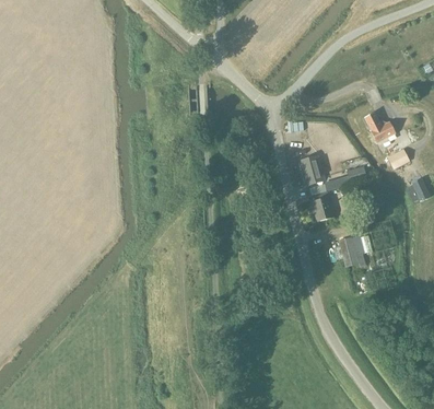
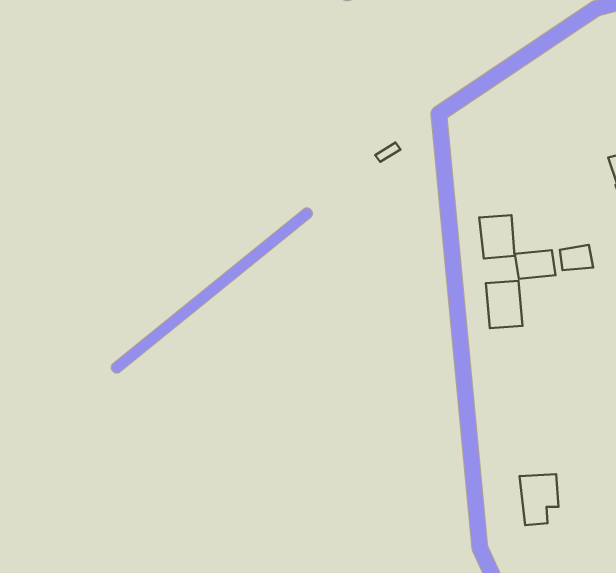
building: [339,236,363,267] -> [520,474,559,525]

